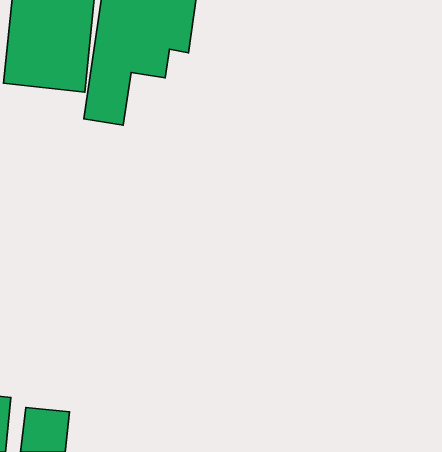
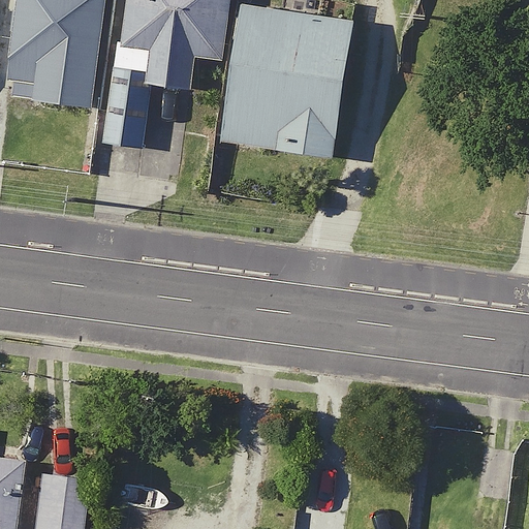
building: none -> [223,7,353,156]

